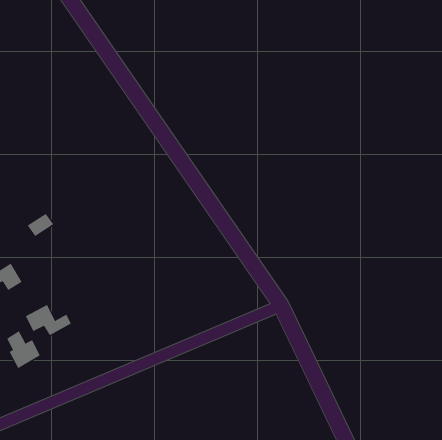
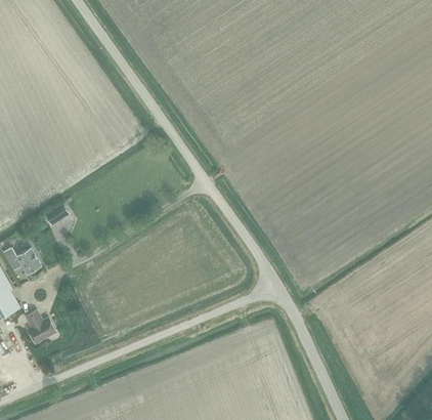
building: [25,304,72,336] -> none

